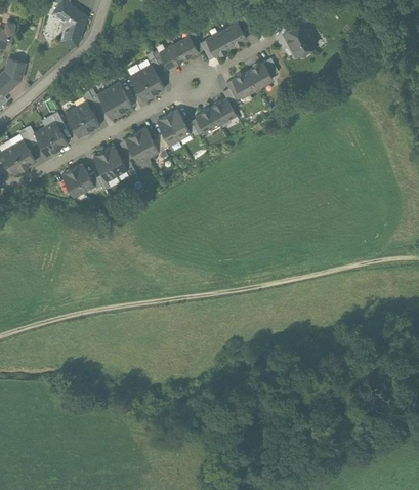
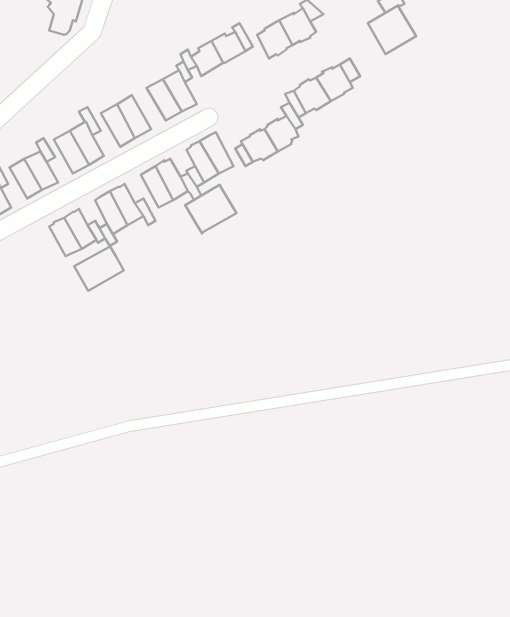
building: none -> [185,185,236,233]
building: none -> [74,246,124,291]

